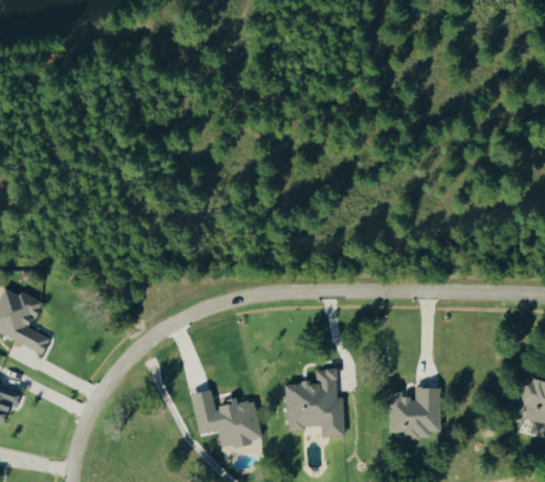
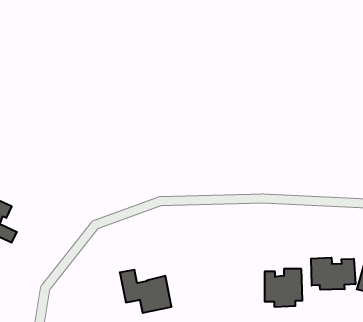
building: [284,369,345,438] -> none
building: none -> [311,258,355,290]

